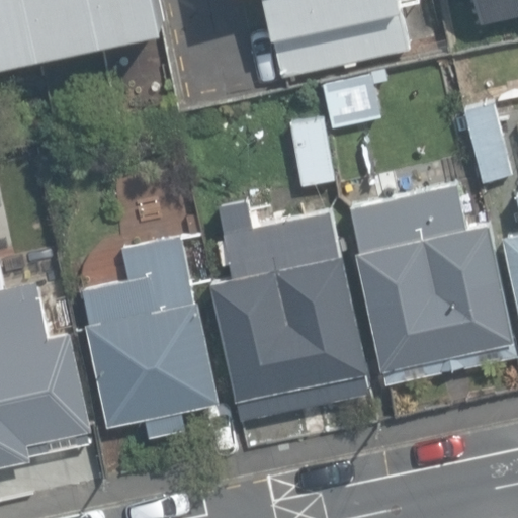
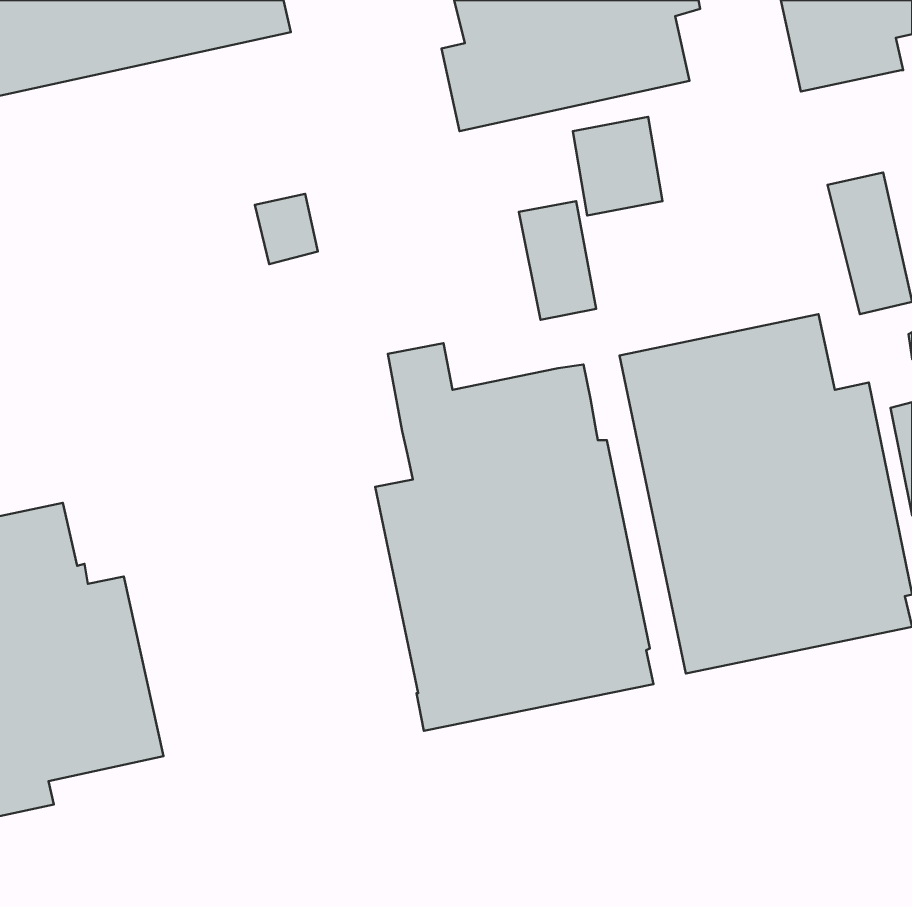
building: [81,237,217,437] -> none

